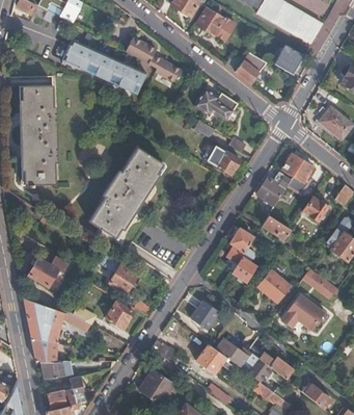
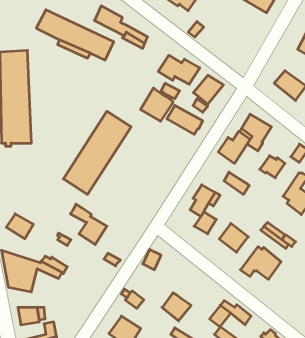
building: [274,45,302,74] -> none
building: [234,52,266,83] -> [193,75,223,104]
building: none -> [141,88,173,121]
building: [105,301,134,329] -> none
building: [193,301,220,329] -> none
building: [31,338,57,360] -> none
building: [217,338,252,367] -> none

